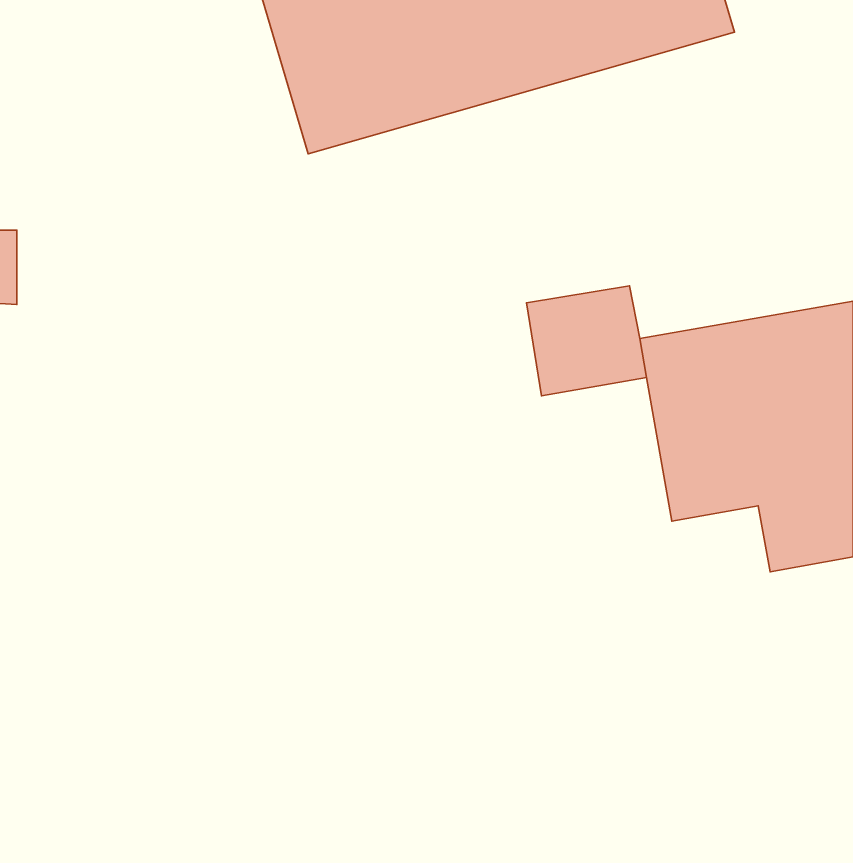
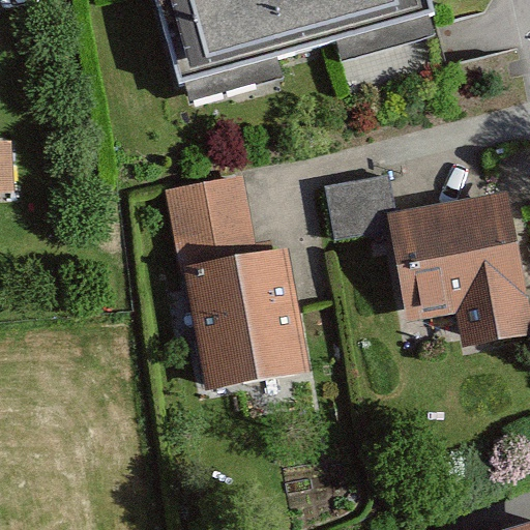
building: none -> [173,184,300,392]

